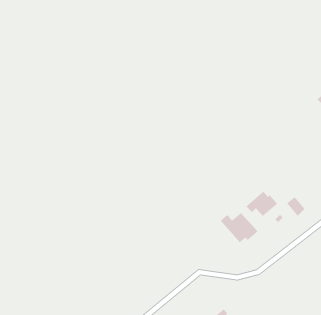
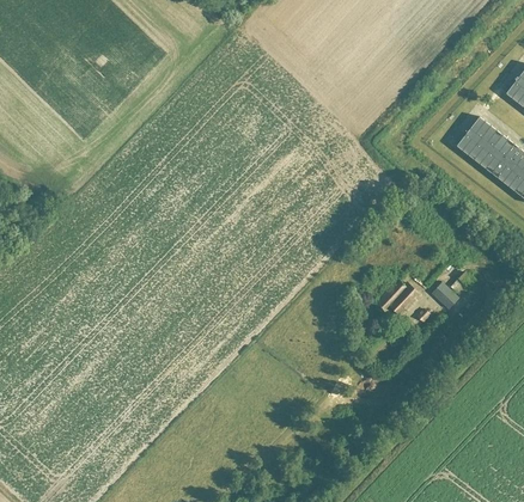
building: [220,212,258,243] -> none

